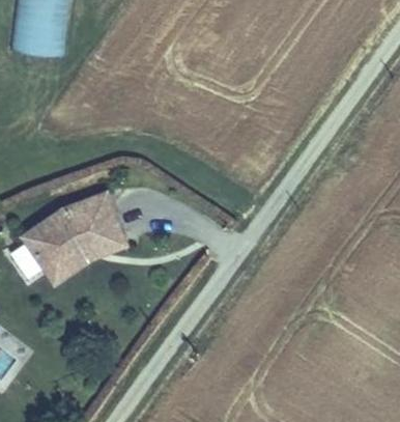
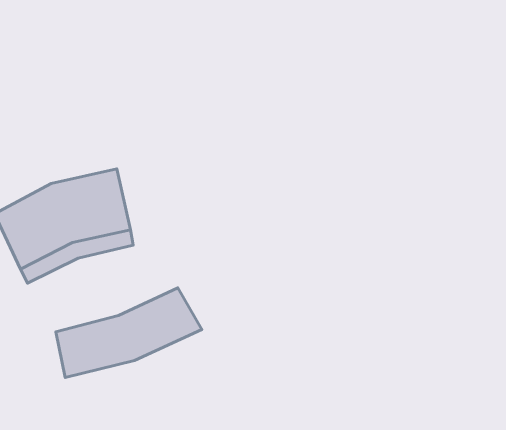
building: none -> [56,288,202,378]

